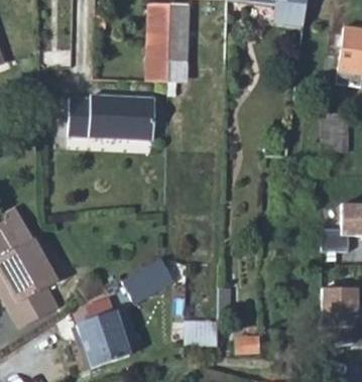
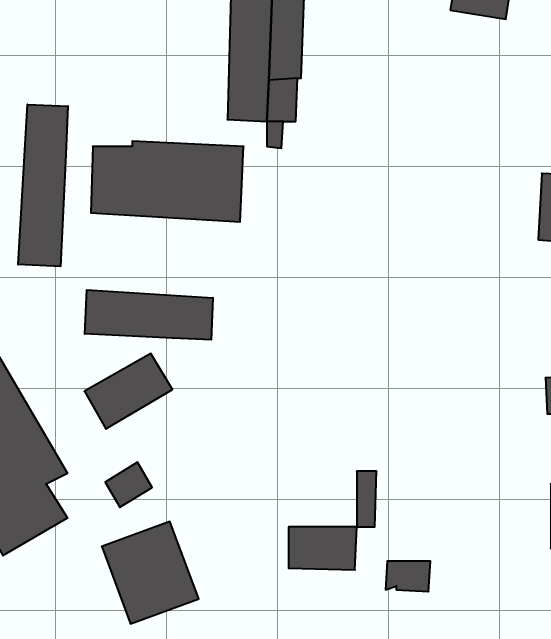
building: none -> [18,104,68,266]
building: none -> [85,290,213,340]
building: [122,258,171,300] -> [84,354,172,429]

